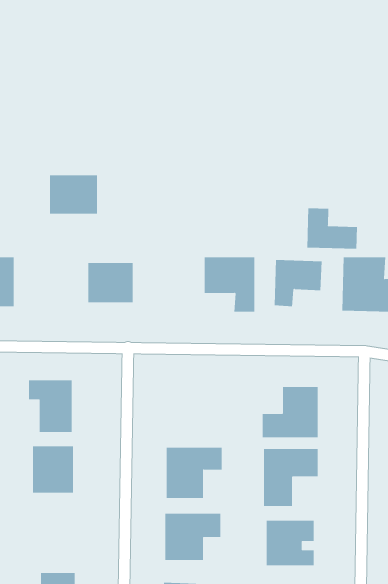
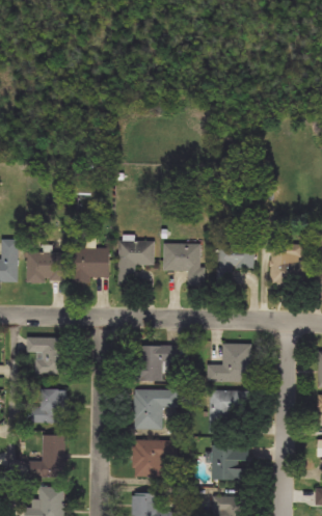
building: [49,175,98,214] -> [28,251,65,281]
building: [307,207,357,250] -> none
building: none -> [118,241,155,283]
building: none -> [139,345,180,381]
building: none -> [37,435,65,479]

